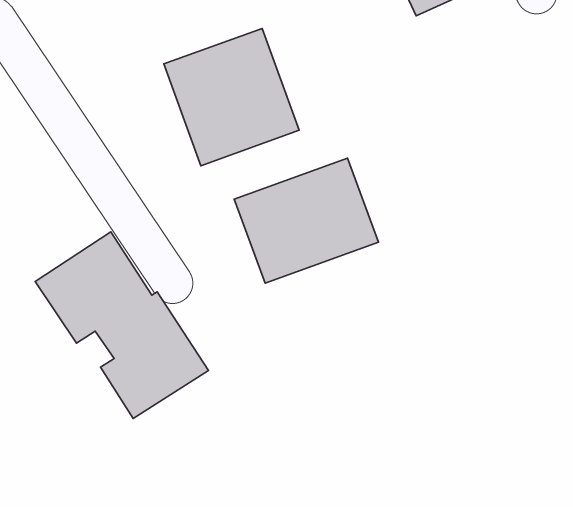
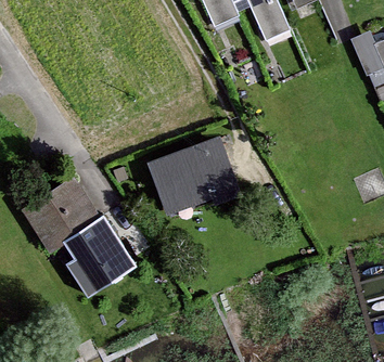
building: [164,28,299,166] -> none

